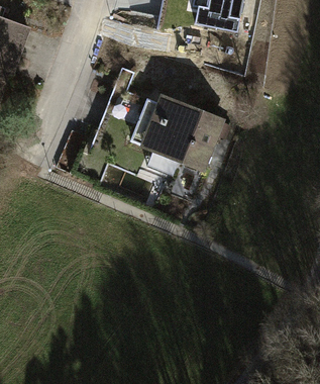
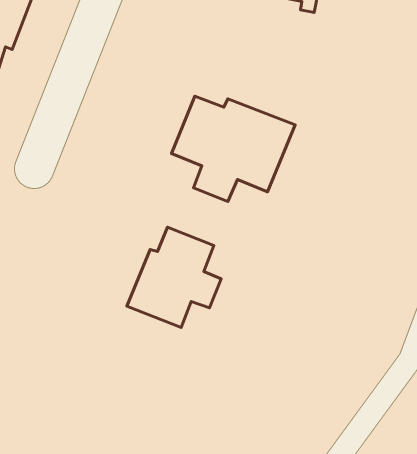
building: none -> [127,227,221,327]

